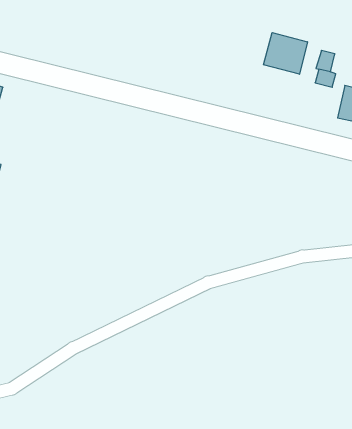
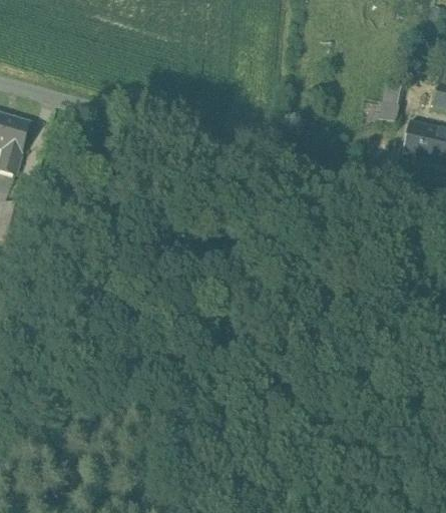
building: [263,33,307,74] -> none

